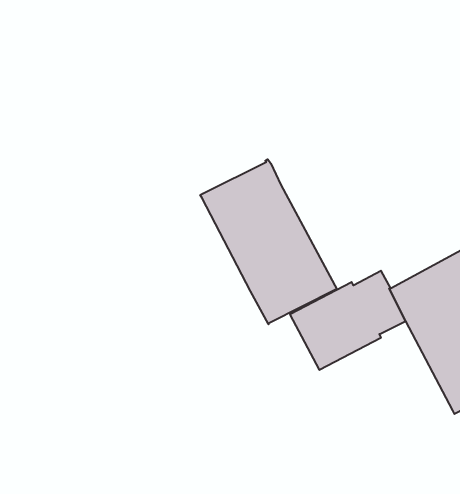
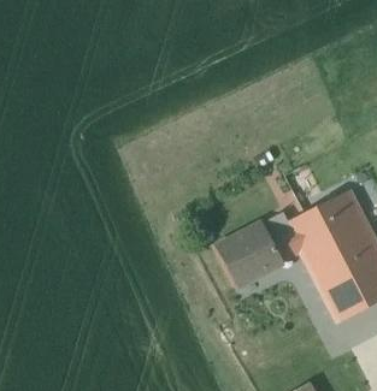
building: [200,159,337,324] -> none

